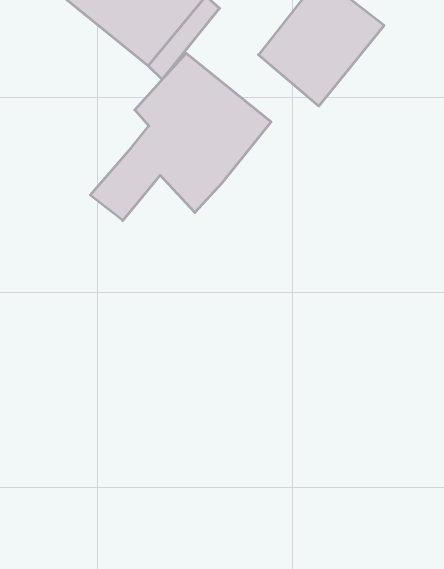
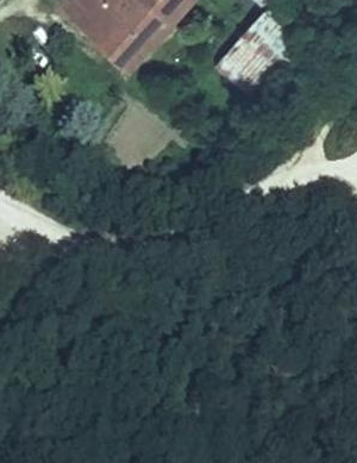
building: [90,53,271,221] -> none

